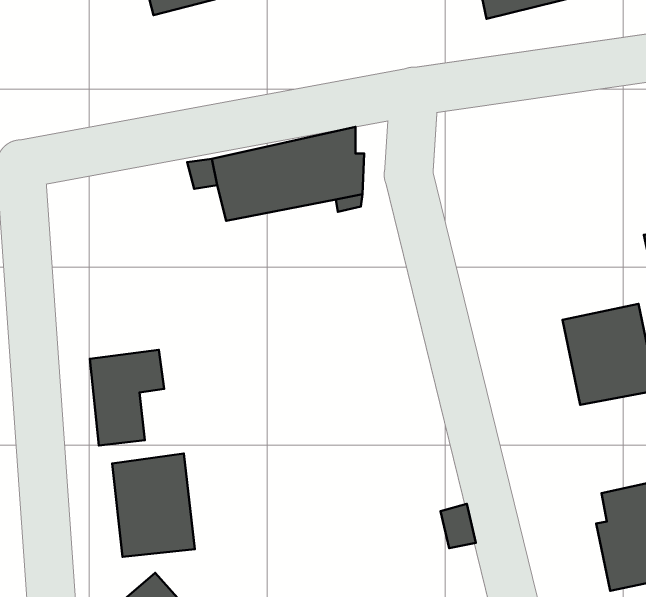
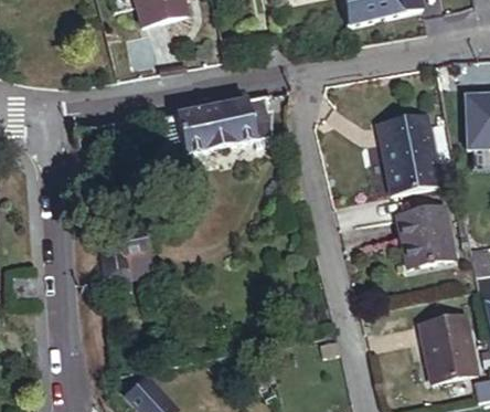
building: none -> [379,113,439,193]
building: [112,454,195,557] -> none

